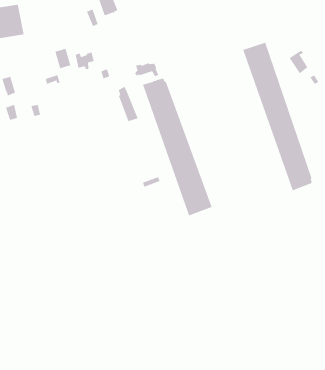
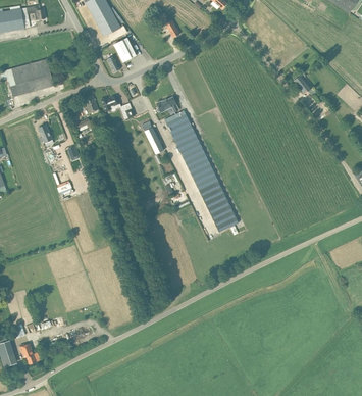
building: [242,42,312,191] -> none

